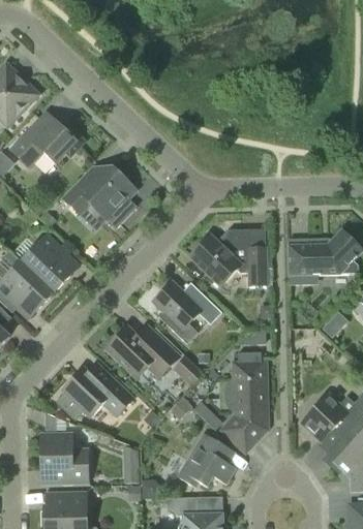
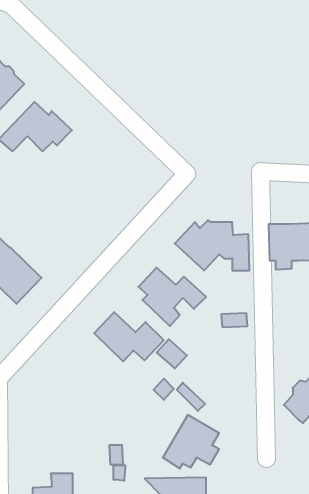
building: [64,167,135,220] -> none
building: [22,235,80,292] -> none
building: [222,363,267,452] -> none
building: [57,369,133,418] -> none
building: [41,434,88,484] -> none

